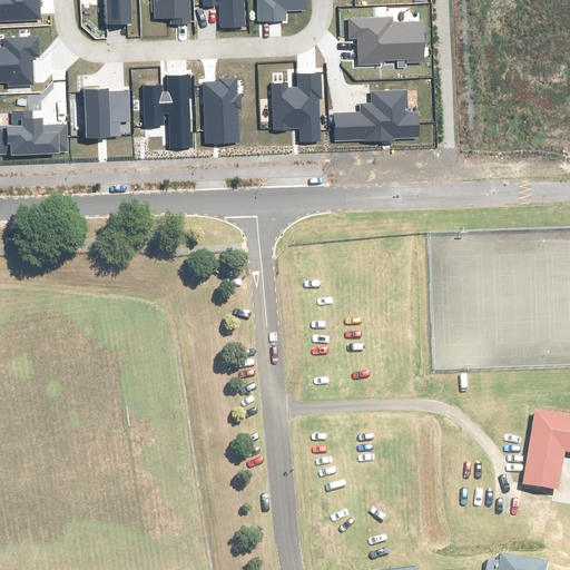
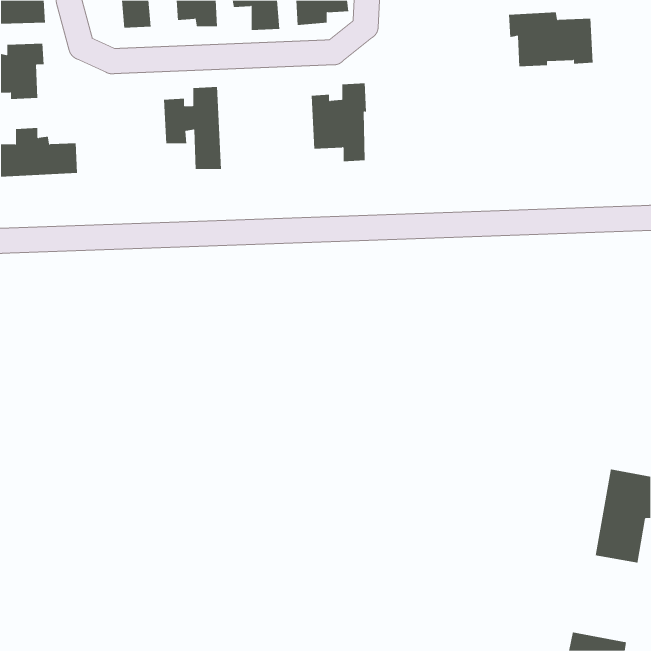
building: [350,17,424,65] -> [508,12,594,67]
building: [204,78,242,144] -> none
building: [85,89,129,138] -> none
building: [334,91,419,141] -> none

